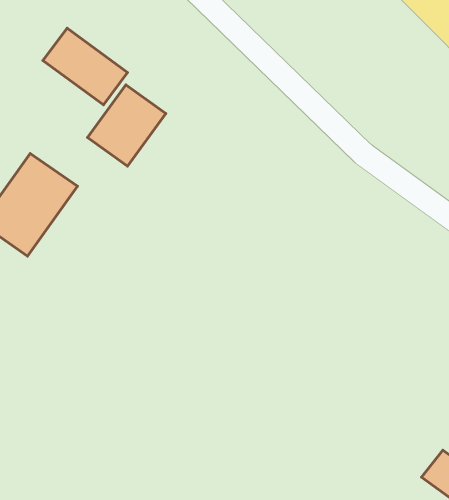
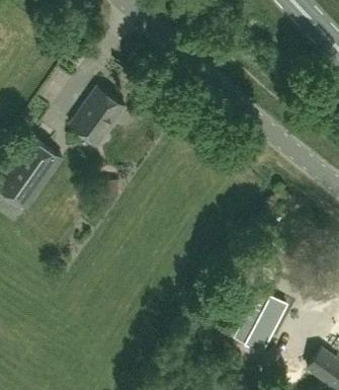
building: [43,28,128,105] -> none
building: none -> [237,284,291,343]

